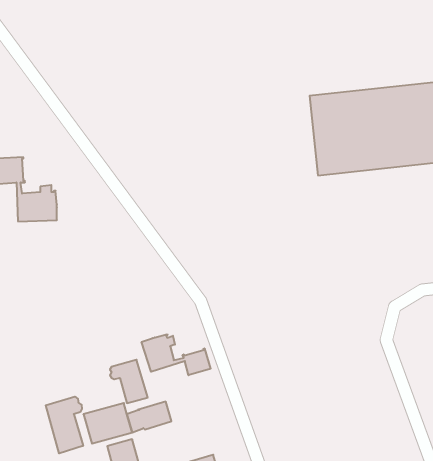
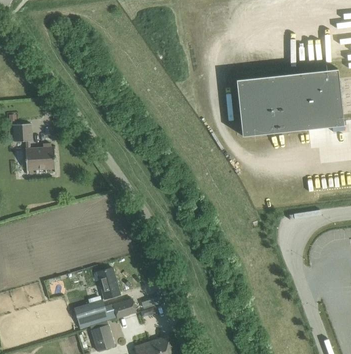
building: [142,334,211,375] -> none
building: [46,397,83,453] -> none

